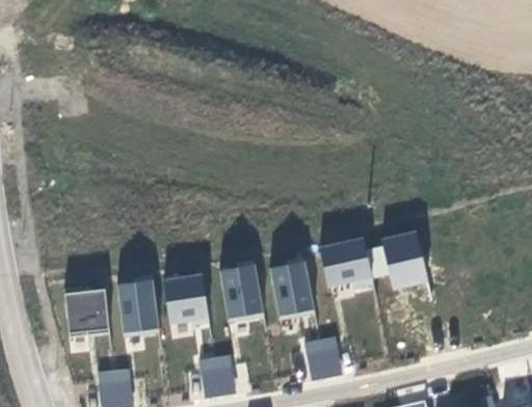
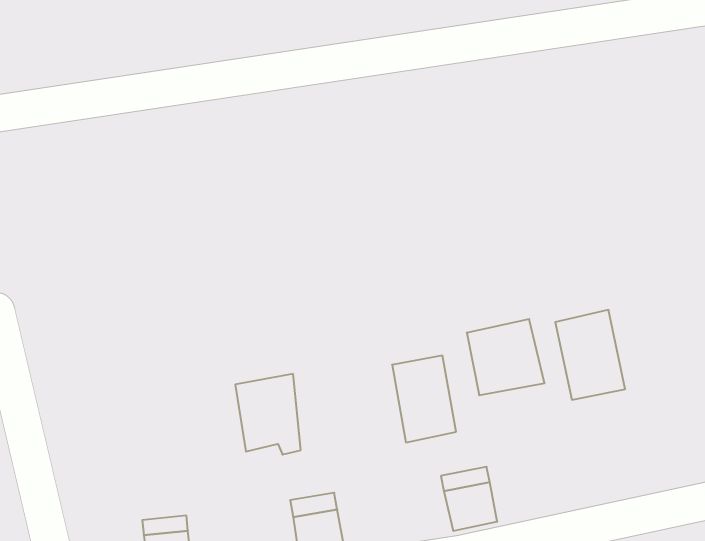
building: [219,266,264,324] -> none
building: [117,281,158,336] -> none
building: [63,289,110,336] -> none

